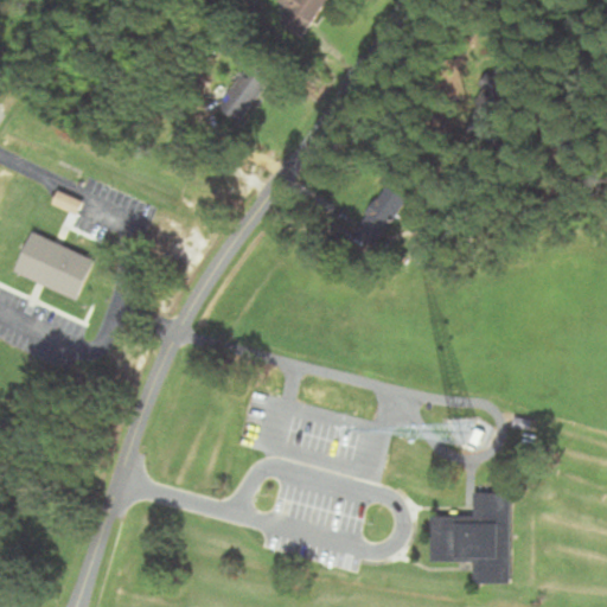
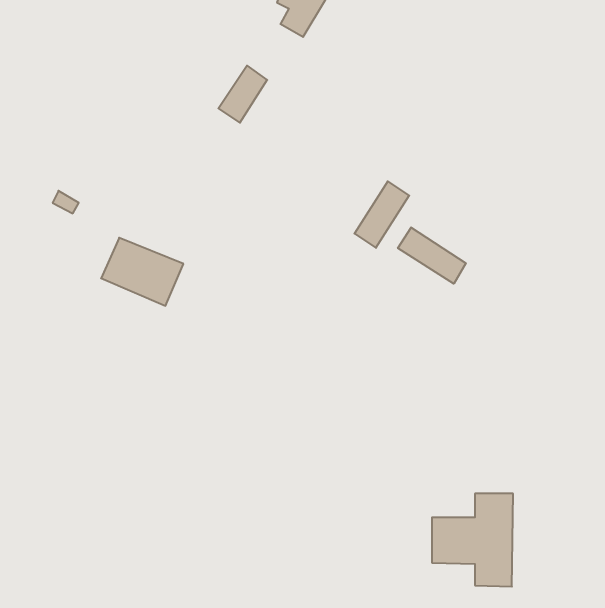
building: none -> [398,227,466,284]
building: [12,231,94,299] -> [101,238,183,306]

